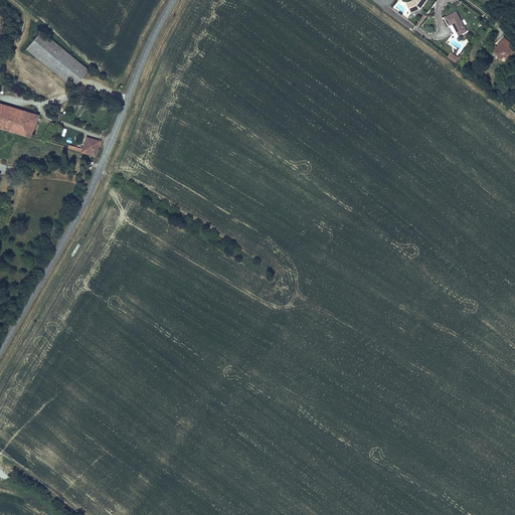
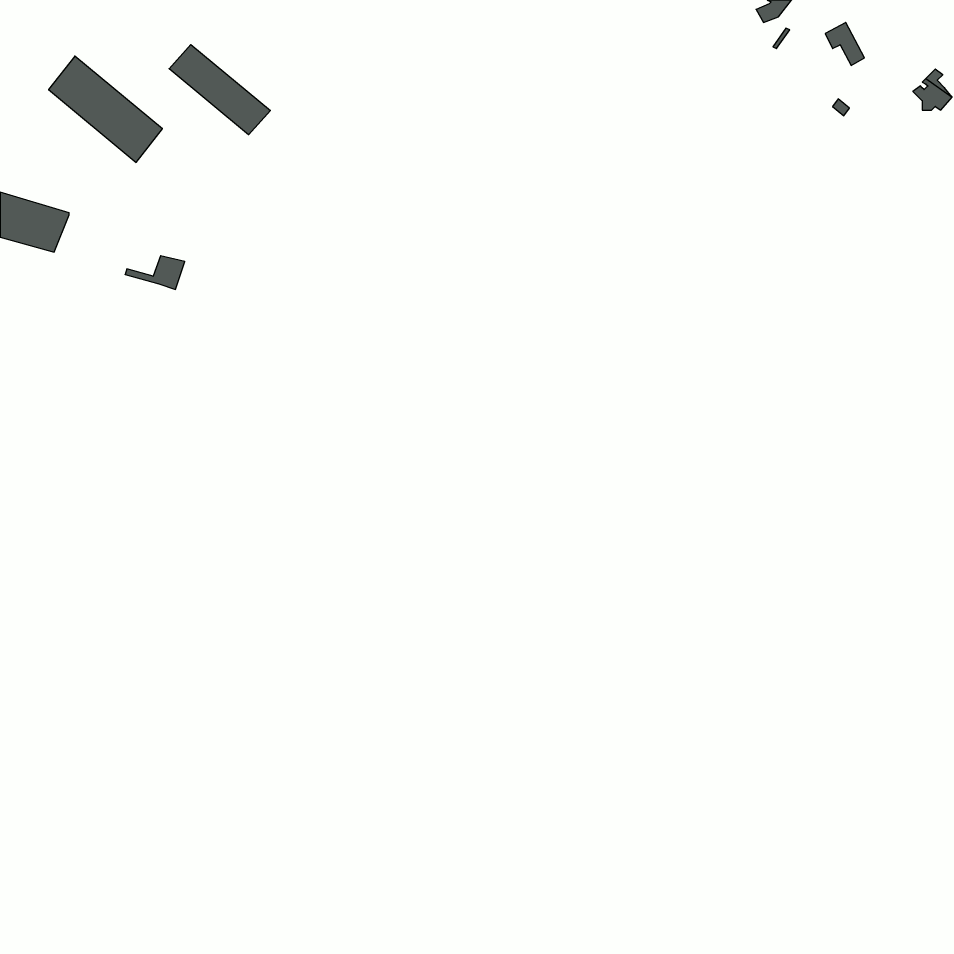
building: none -> [169,45,270,135]

